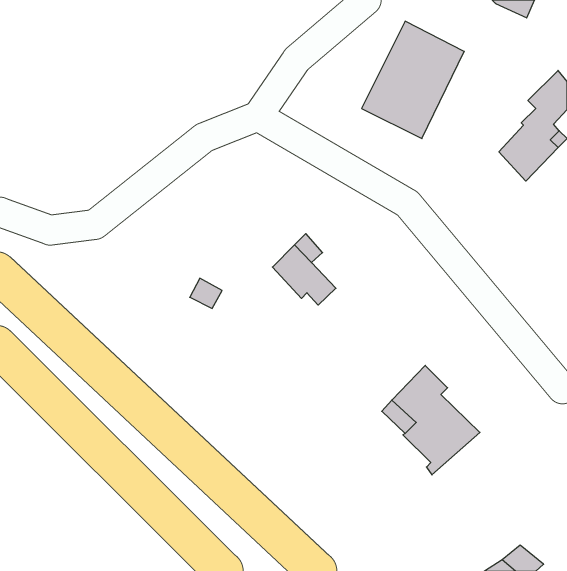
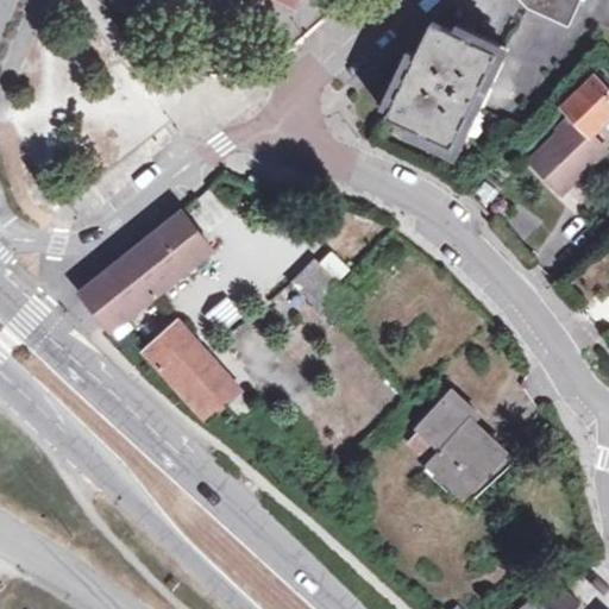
building: none -> [79,212,211,329]
building: none -> [144,322,253,419]

